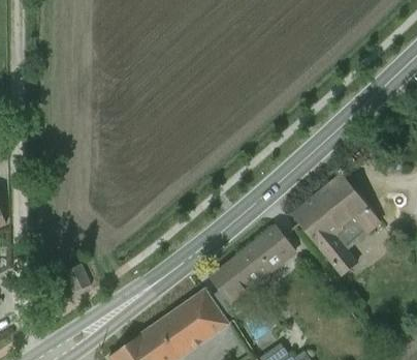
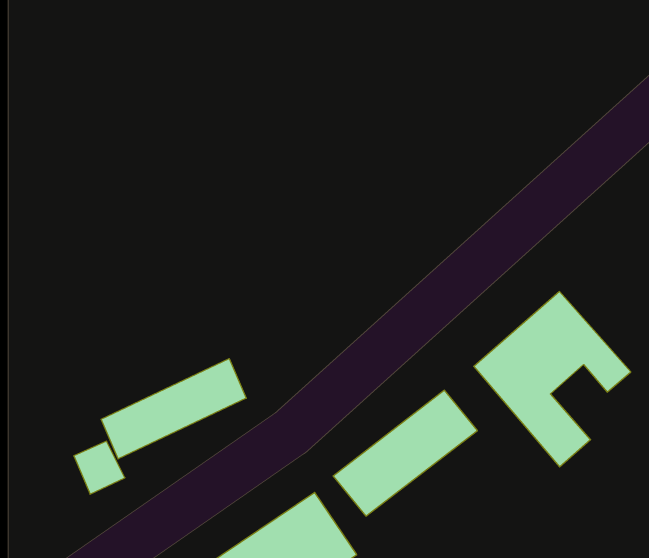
building: none -> [101,359,246,459]

